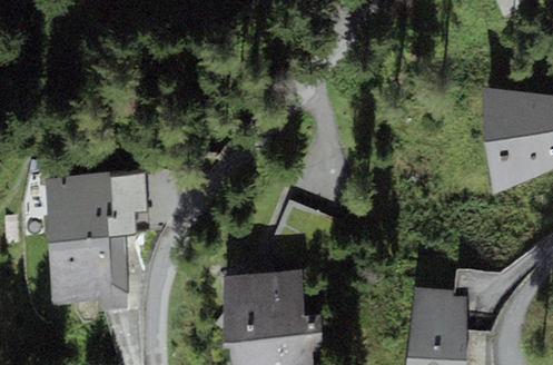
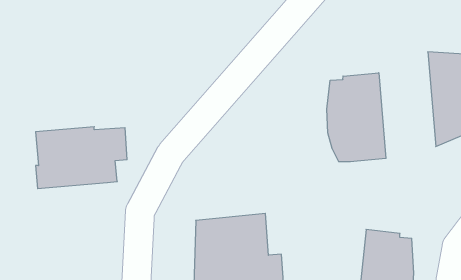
building: none -> [327,73,386,162]
building: [47,235,130,312] -> none

